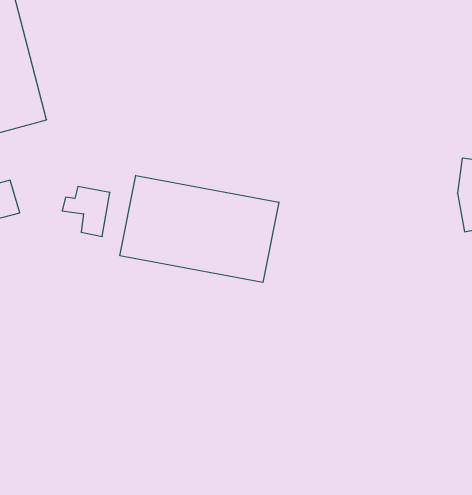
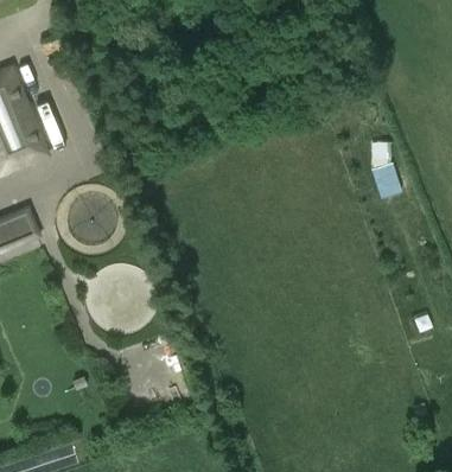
building: [120,175,279,282] -> none

